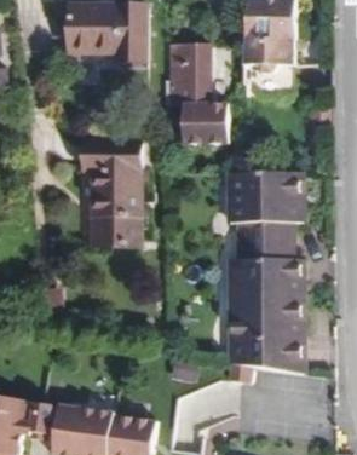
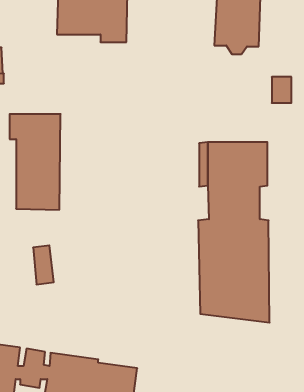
building: [163,44,228,143] -> none
building: [84,139,140,246] -> [10,114,61,210]

